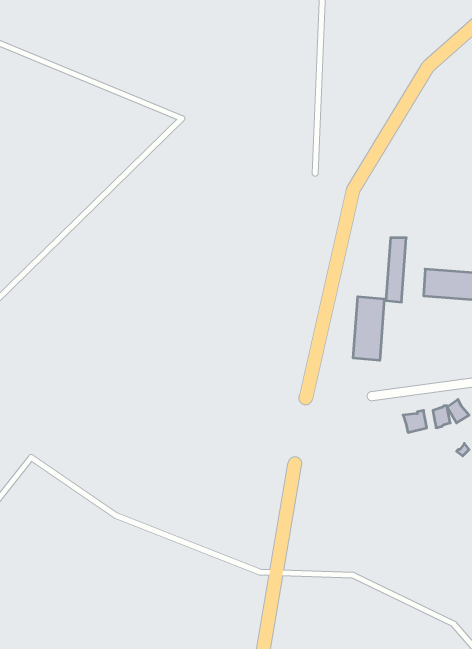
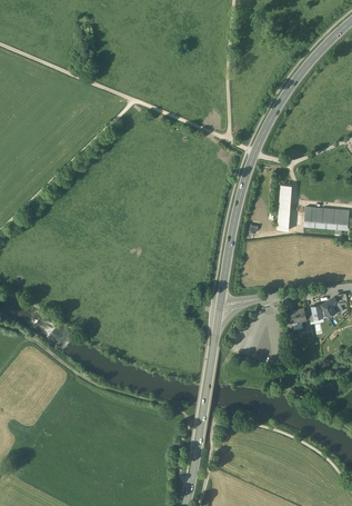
building: [353,297,384,360] -> none

